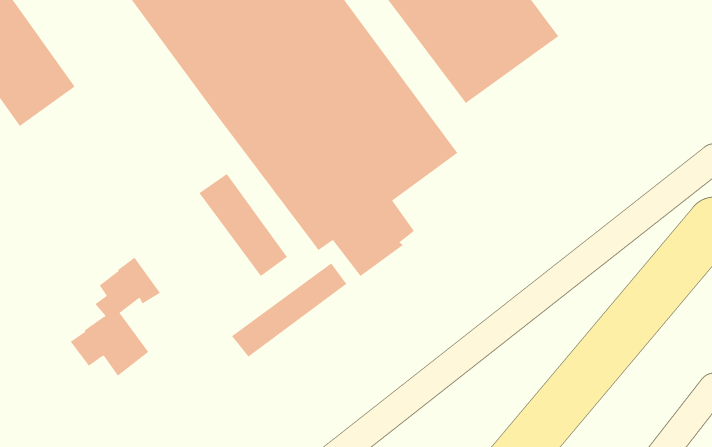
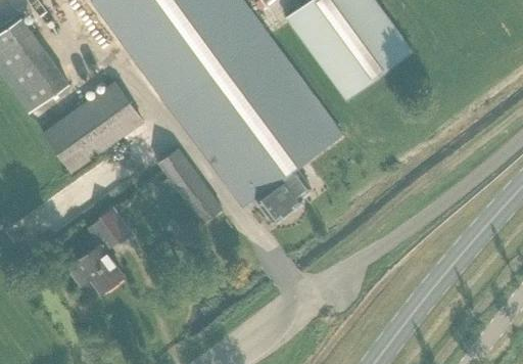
building: none -> [43,81,142,172]
building: [231,262,347,358] -> none

